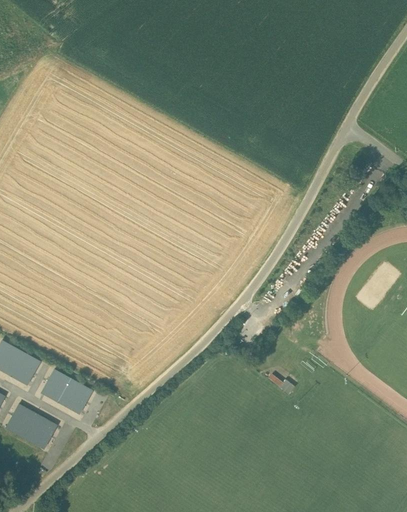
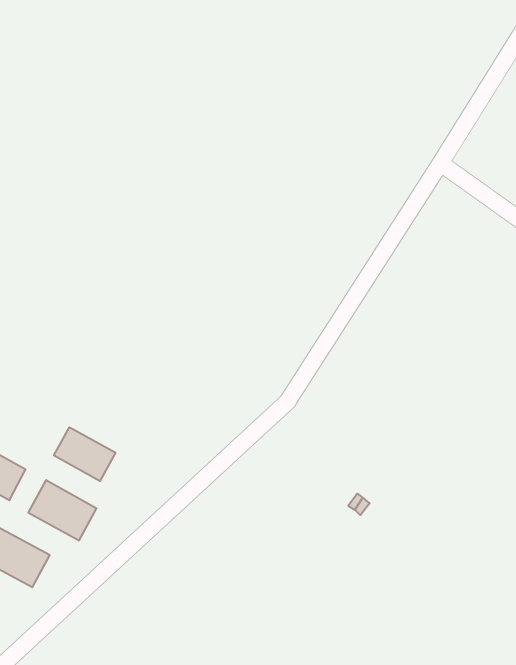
building: none -> [54,427,116,481]

